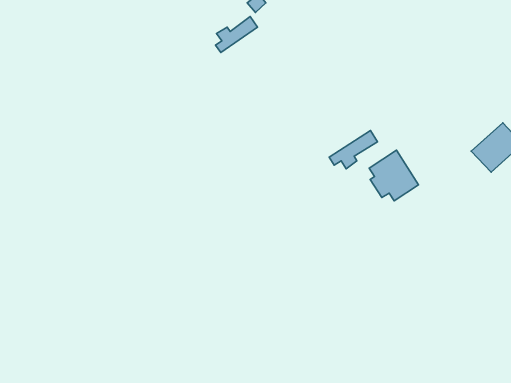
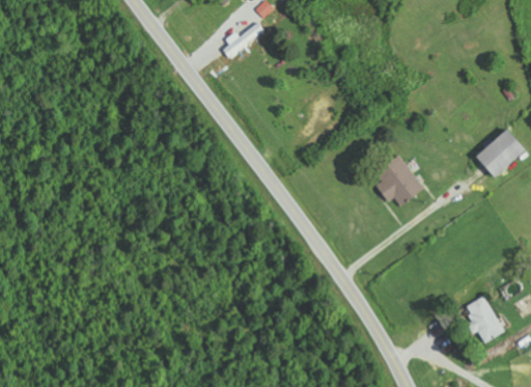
building: [329,131,378,169] -> none
building: none -> [465,295,503,341]

